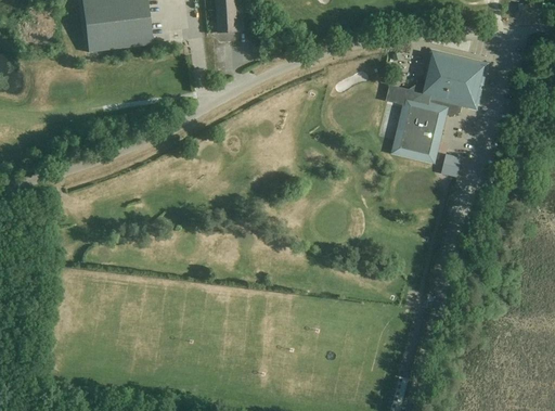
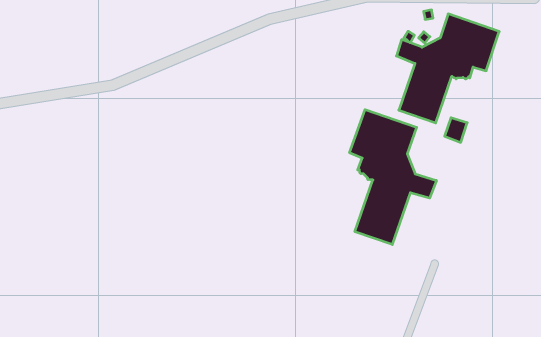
building: none -> [350,110,436,245]

